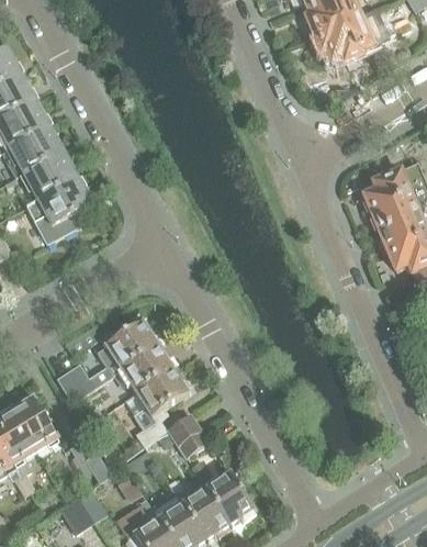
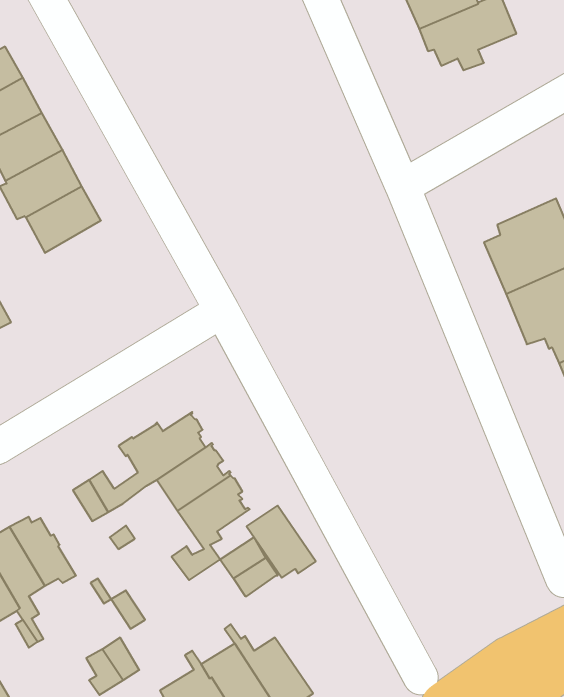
building: [25,177,91,244] -> none
building: [206,472,258,526] -> [247,506,316,578]

